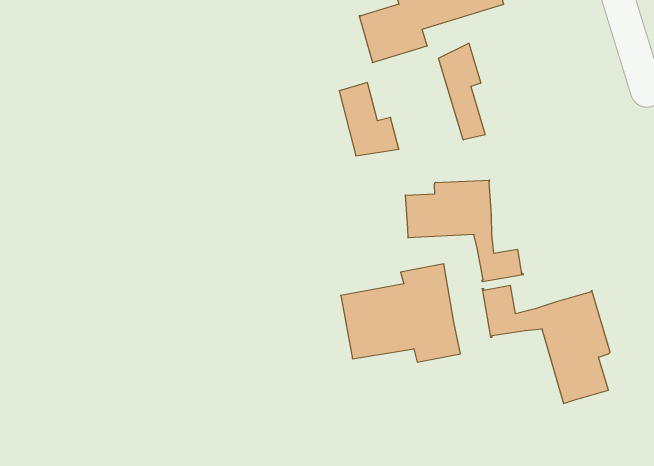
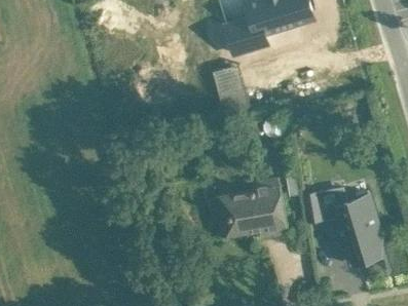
building: [439,43,485,140] -> none
building: [405,180,523,282] -> none

